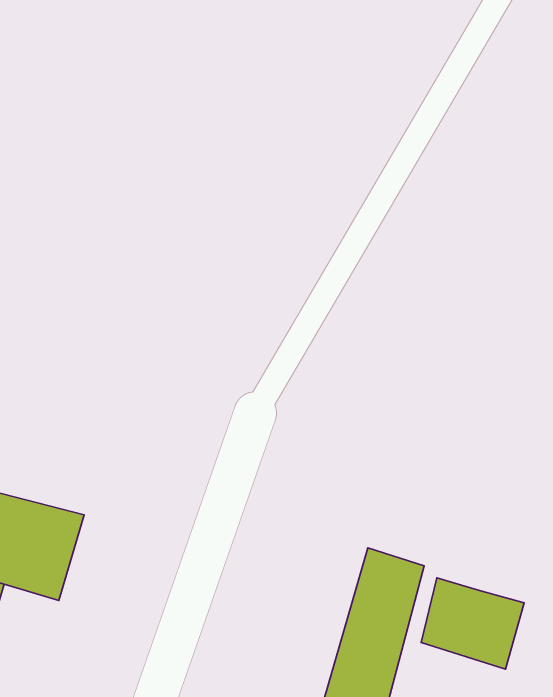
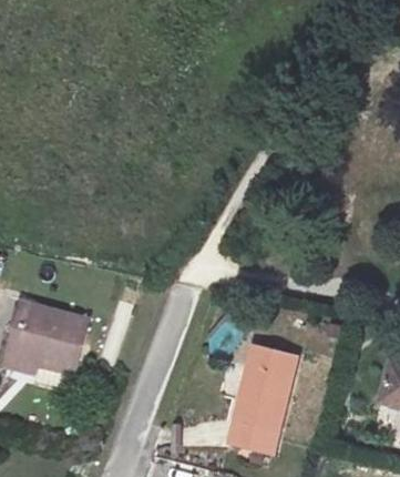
building: [421,578,524,669] -> none

